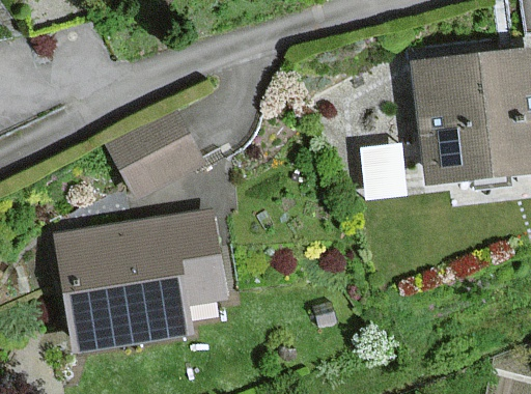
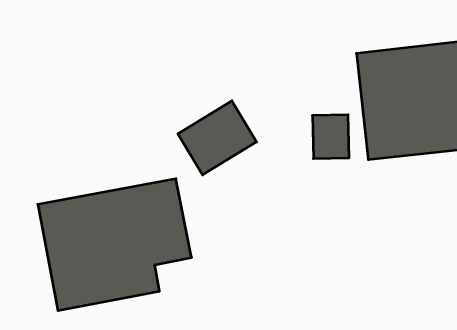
building: [107,112,196,196] -> [178,101,257,175]

